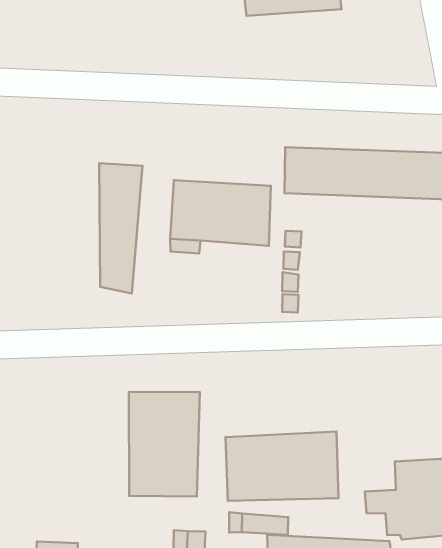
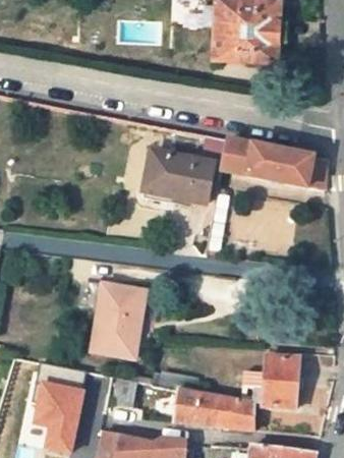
building: [99,163,143,293] -> none
building: [225,432,338,501] -> none

